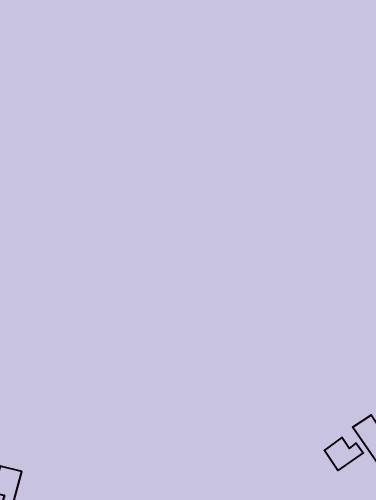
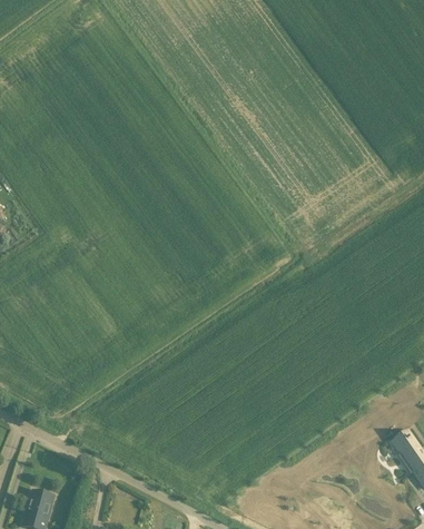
building: [324,437,363,470] -> none

